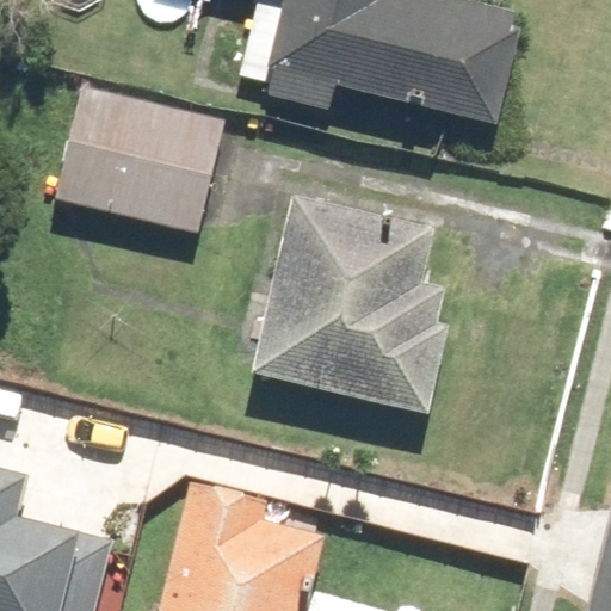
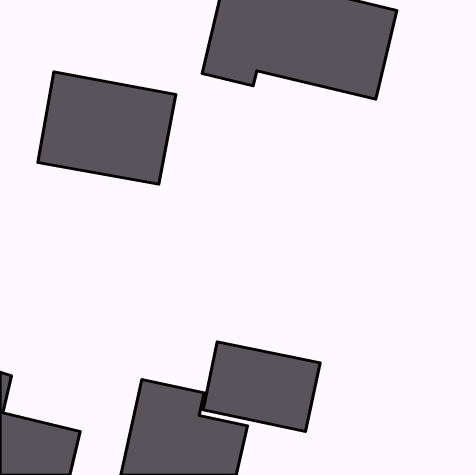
building: [255,203,452,408] -> none
building: none -> [203,342,320,432]

